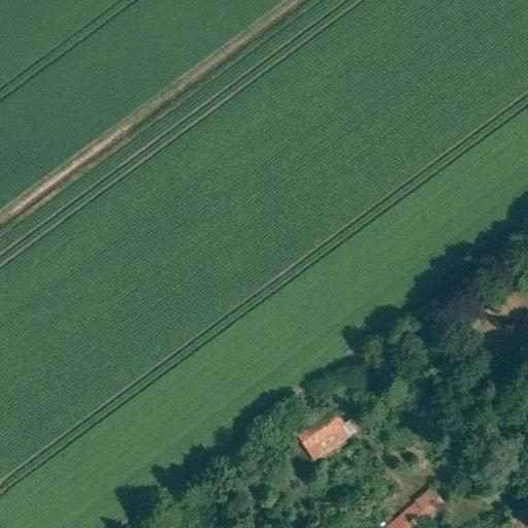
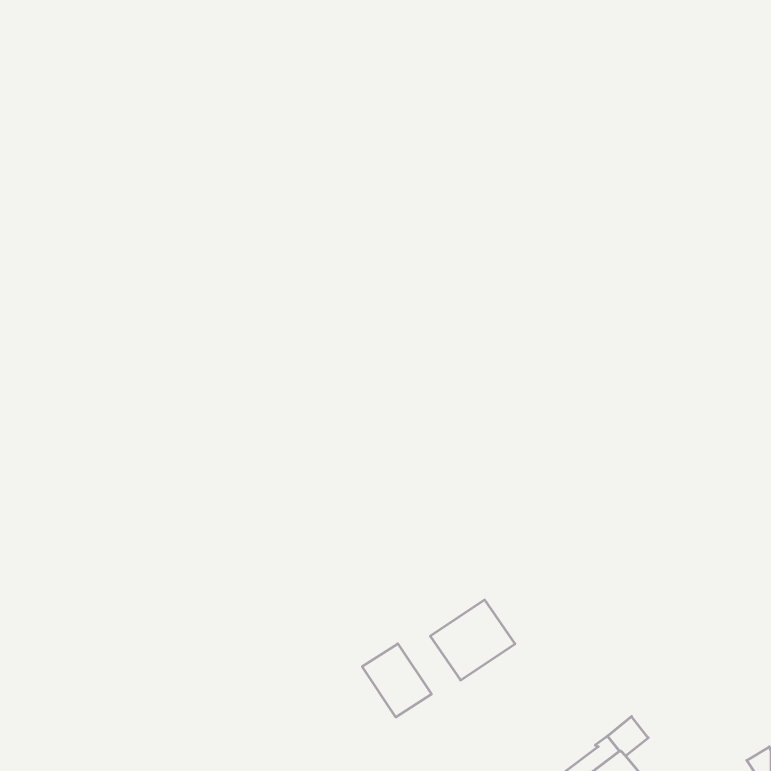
building: none -> [362,644,431,717]

